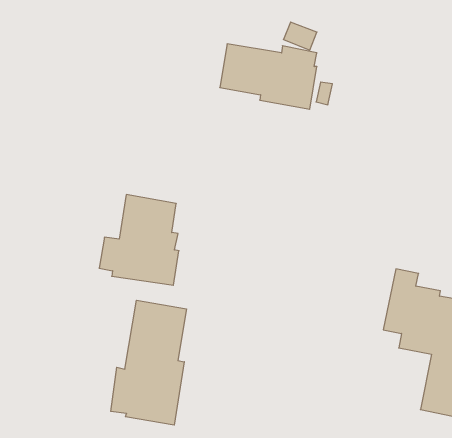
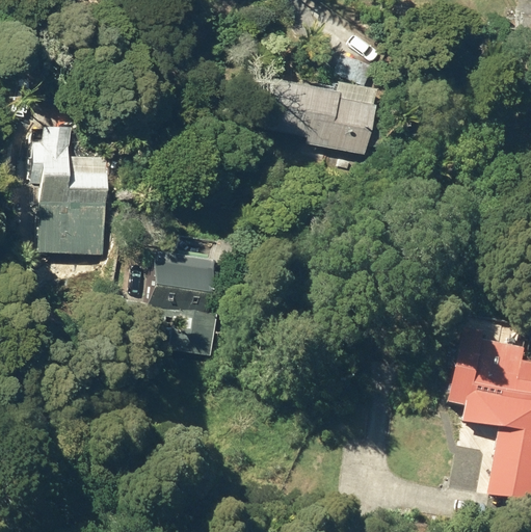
building: none -> [29,122,108,273]
building: [111,300,186,425] -> none

